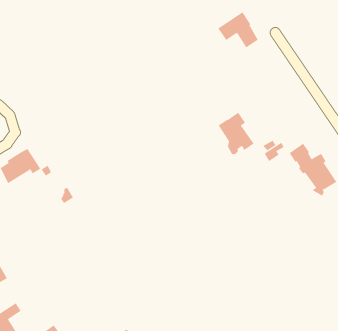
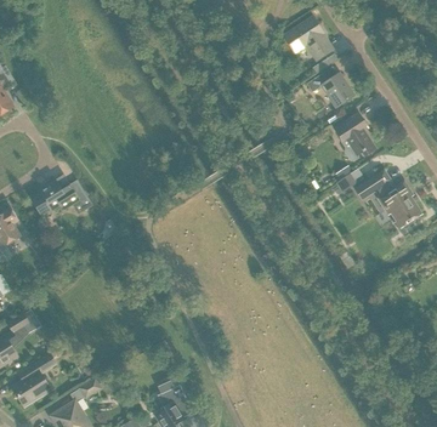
building: none -> [307,72,354,107]
building: [218,112,254,155] -> [334,112,376,161]

